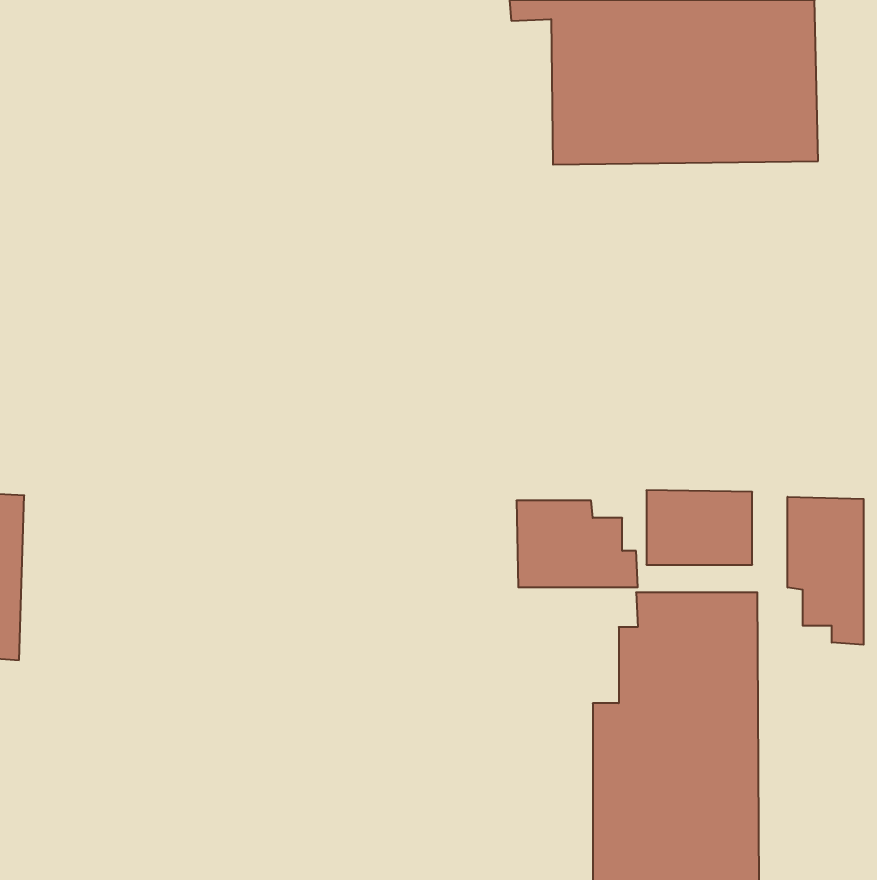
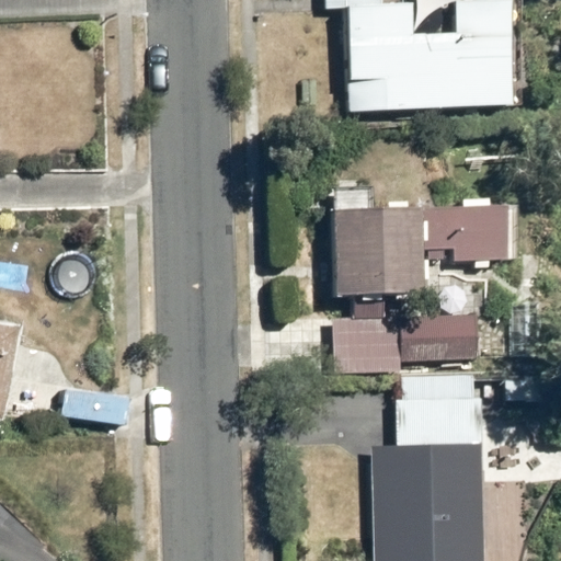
building: none -> [327,199,513,293]
building: [788,497,864,645] -> none

